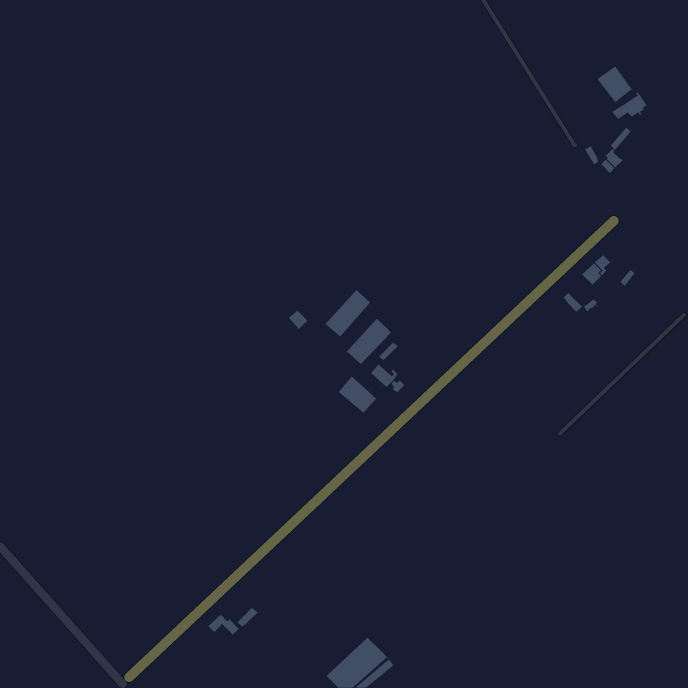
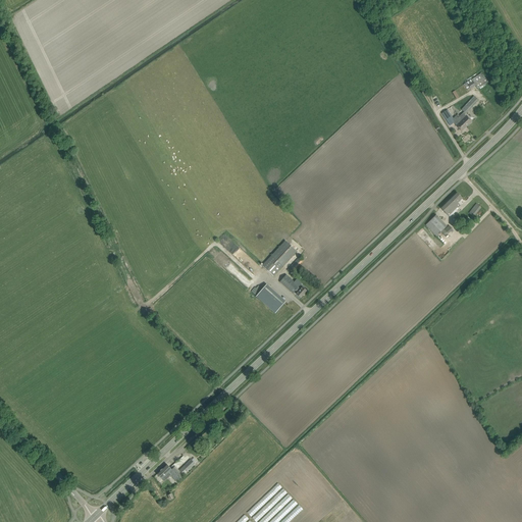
building: [597,65,633,103] -> none
building: [324,289,371,337] -> none

